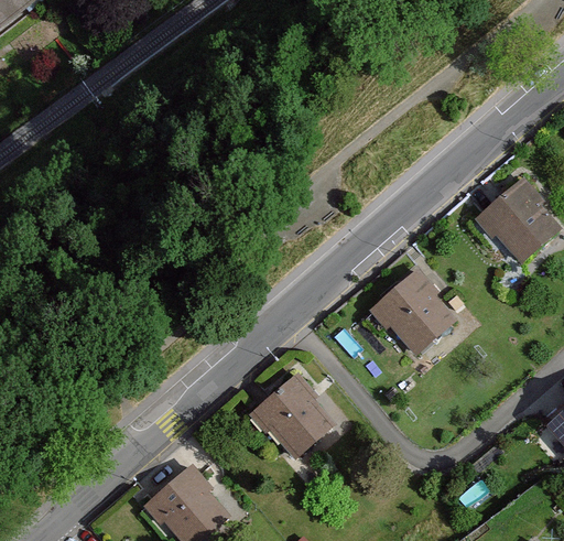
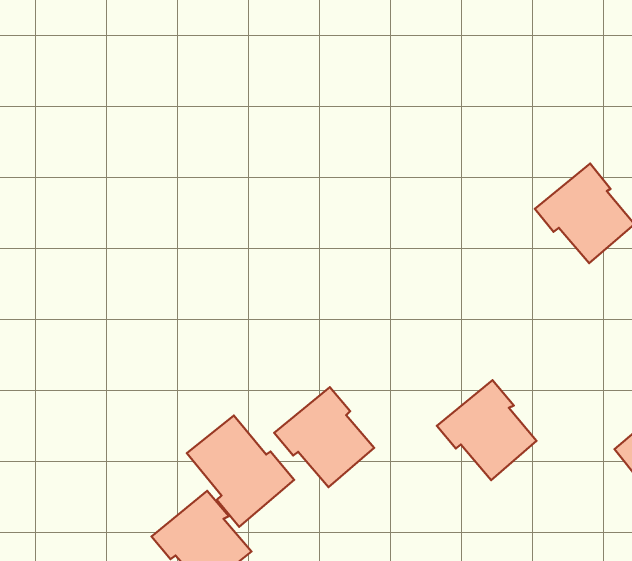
building: [368,270,455,357] -> [437,380,537,480]
building: none -> [187,415,294,527]

